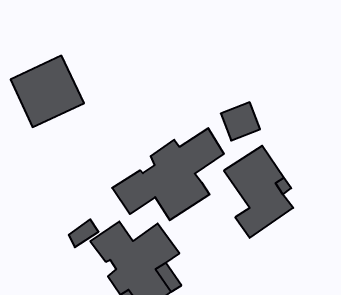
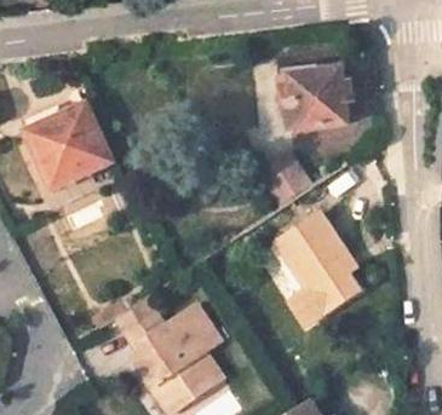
building: none -> [276,59,350,128]
building: [112,128,224,220] -> none

